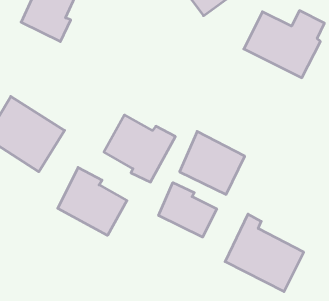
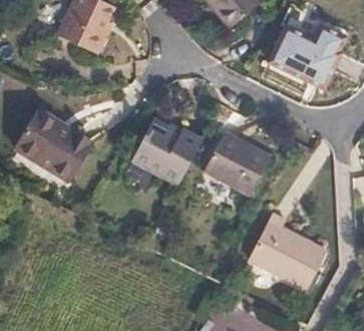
building: [58,167,127,235] -> none
building: [159,183,217,237] -> none

